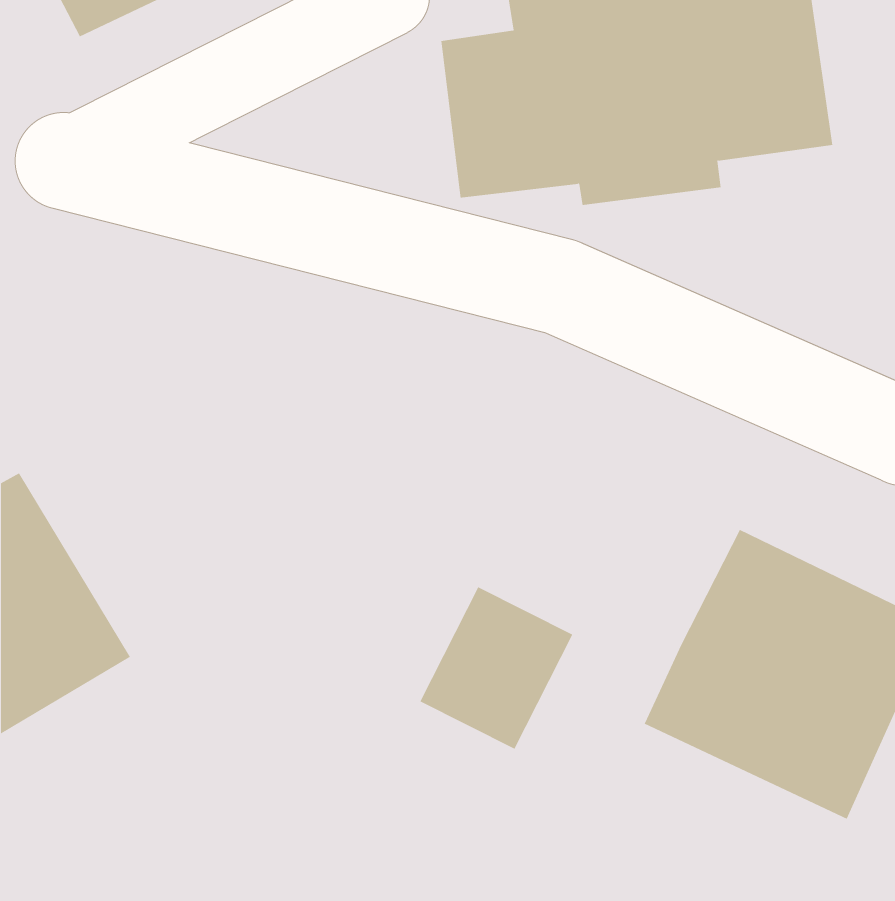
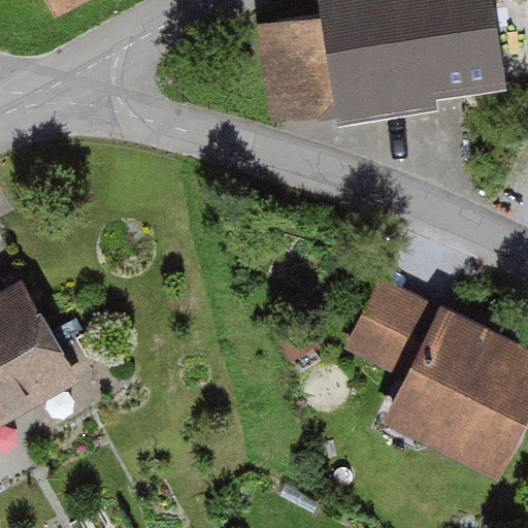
building: [419,587,573,749] -> [346,280,436,375]

